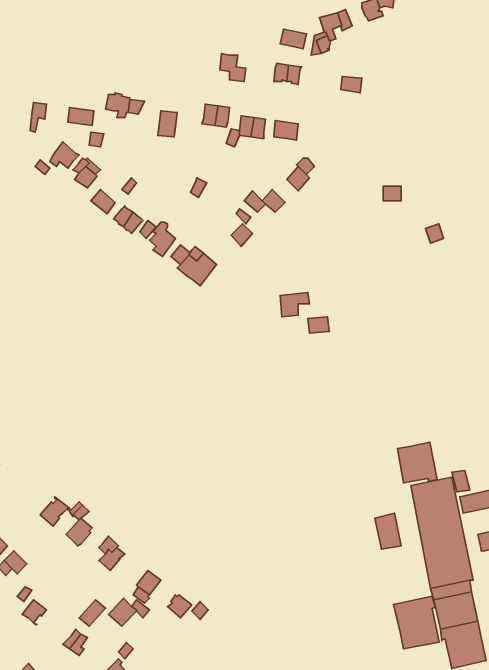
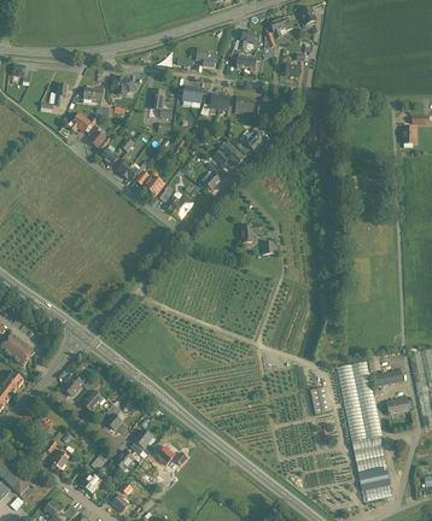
building: [397,442,437,483] -> none
building: [394,596,439,649] -> none

